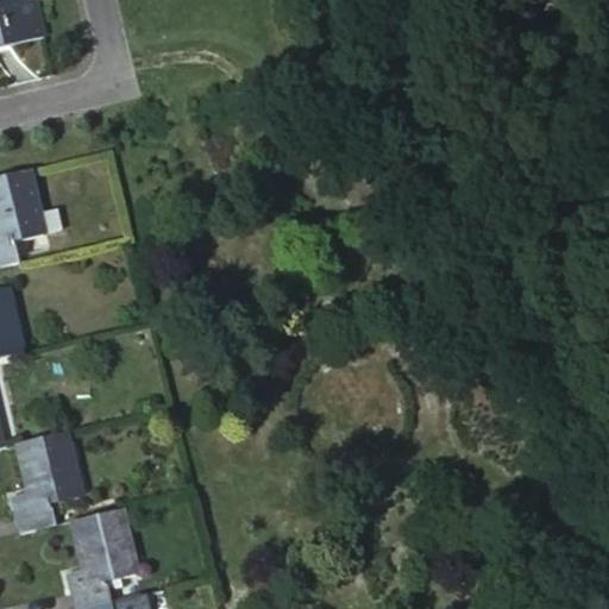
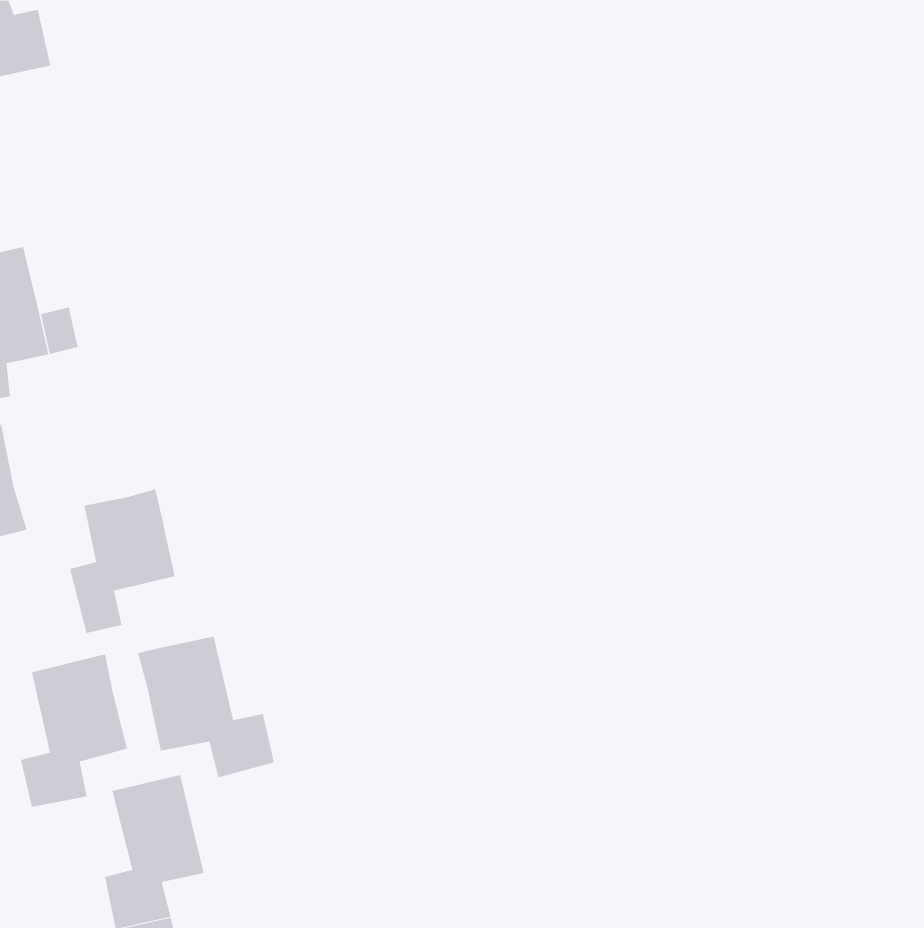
building: none -> [69,489,175,634]
building: none -> [138,636,275,778]

